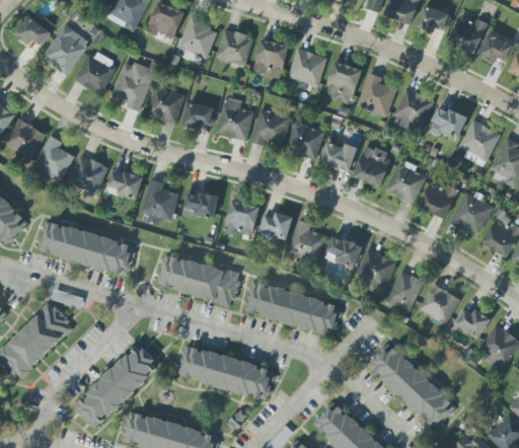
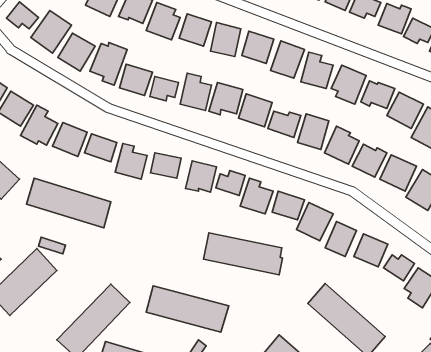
building: [156,255,239,304] -> none

